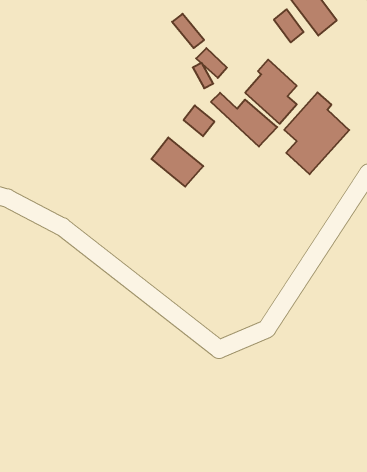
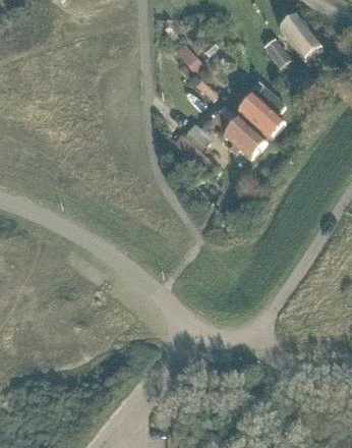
building: [284,92,349,174] -> none
building: [151,137,203,187] -> none

